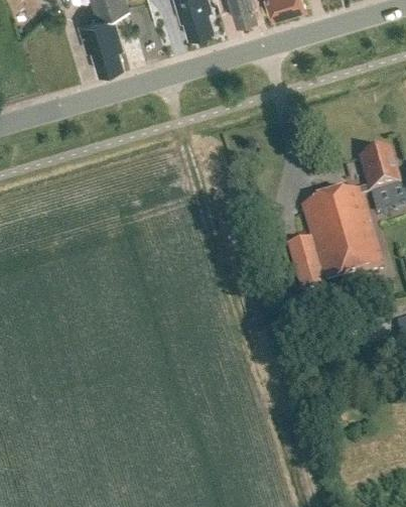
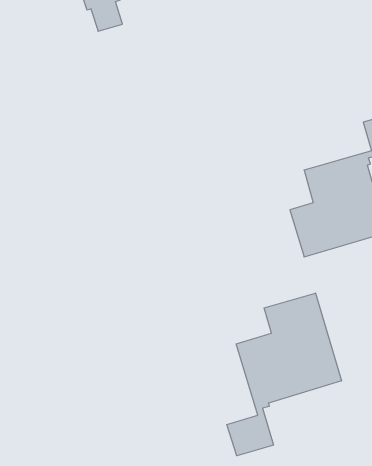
building: none -> [227,293,341,456]

